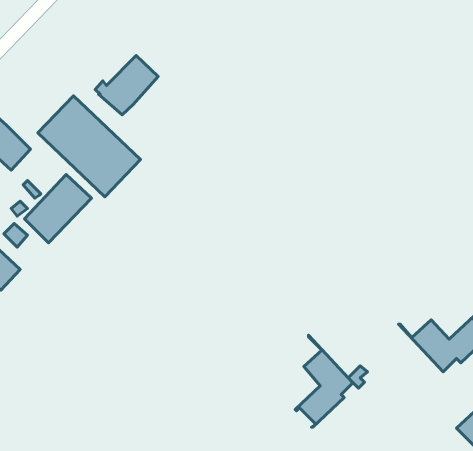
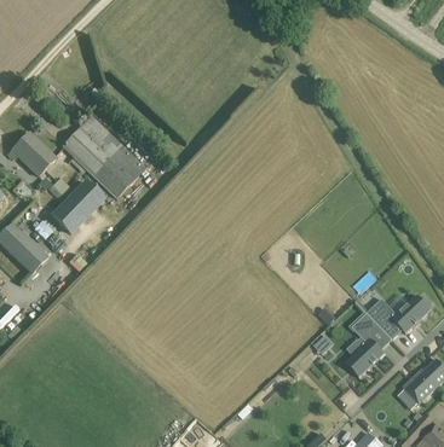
building: [95,55,158,115] -> none
building: [295,335,353,427] -> [344,301,391,376]

